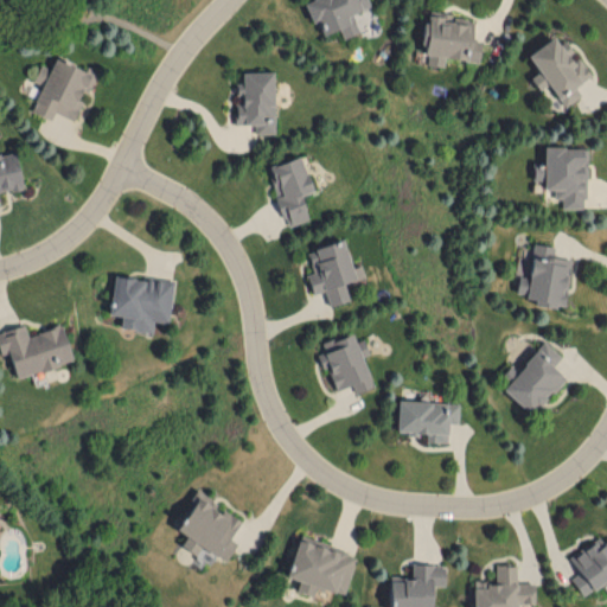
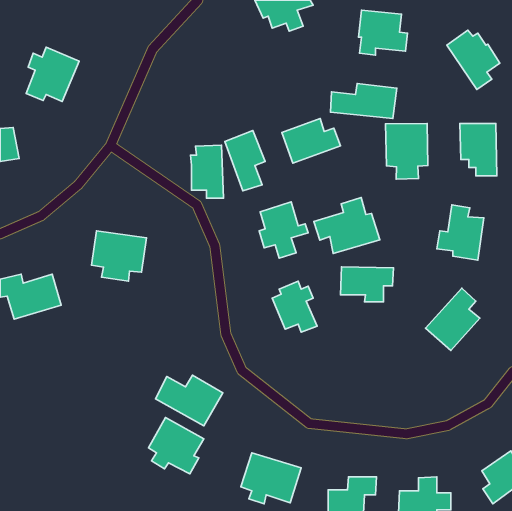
building: [236,72,275,135] -> [191,145,224,198]
building: none -> [331,84,397,118]
building: none -> [282,118,340,163]
building: none -> [386,123,428,179]
building: none -> [314,198,380,254]
building: [398,402,461,443] -> [340,267,394,302]
building: none -> [156,375,223,426]

